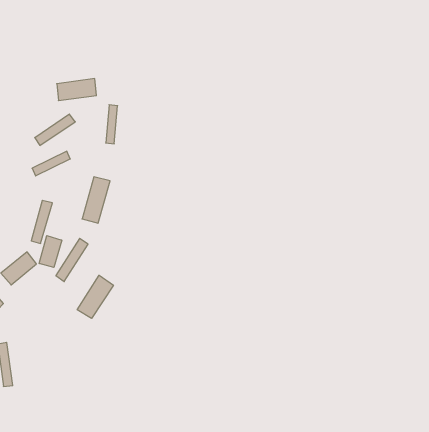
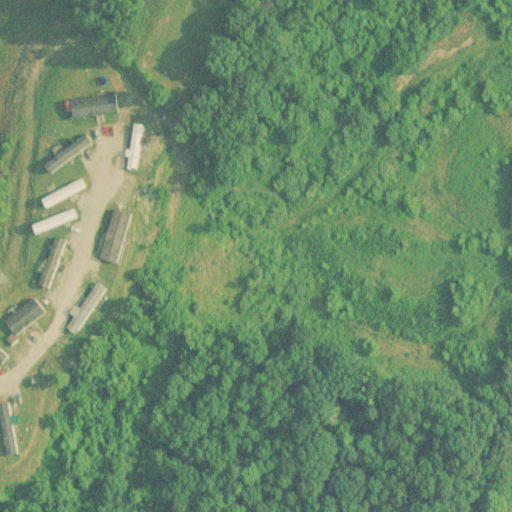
building: [39,236,62,267] -> none
building: [77,275,113,318] -> none

